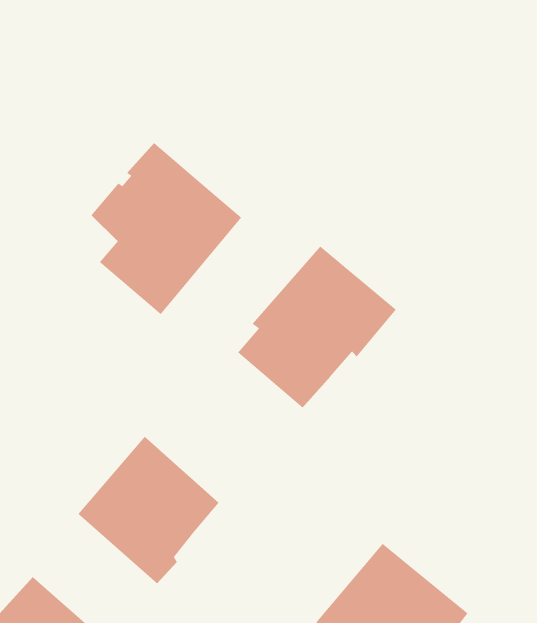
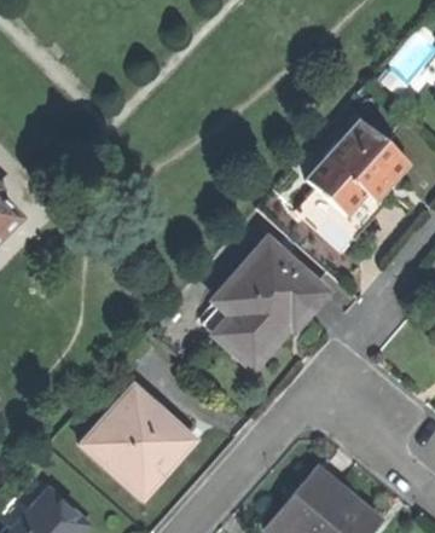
building: none -> [298,121,410,251]
building: [90,142,242,315] -> none

